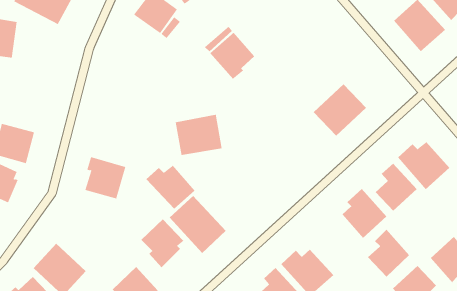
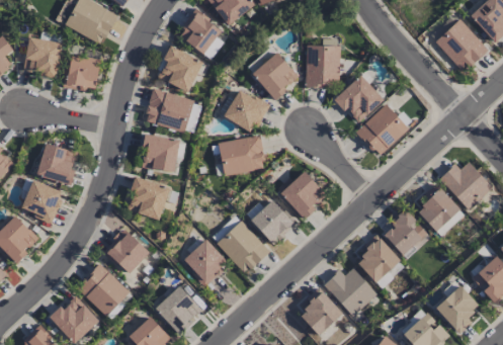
building: none -> [308,46,340,86]
building: none -> [159,47,203,92]
building: none -> [64,56,100,91]
building: none -> [335,75,384,123]
building: none -> [145,89,194,134]
building: none -> [225,91,269,131]
building: none -> [142,135,180,172]
building: none -> [281,171,327,218]
building: [146,165,195,210] -> [246,200,296,245]
building: none -> [103,229,150,275]
building: [367,229,410,278] -> [357,234,400,282]

